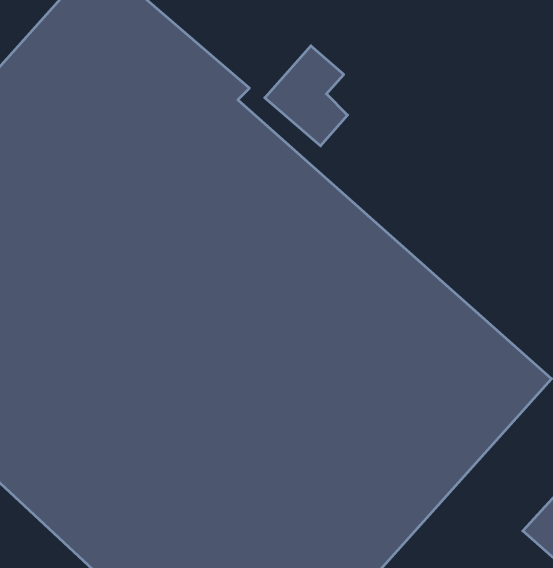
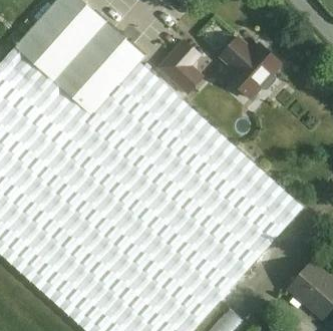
building: none -> [222,38,282,99]

